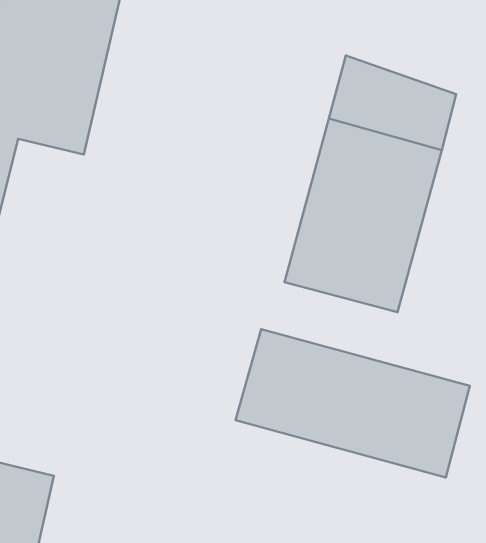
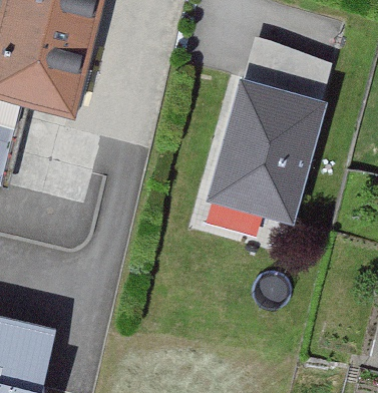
building: [235,329,470,477] -> none

